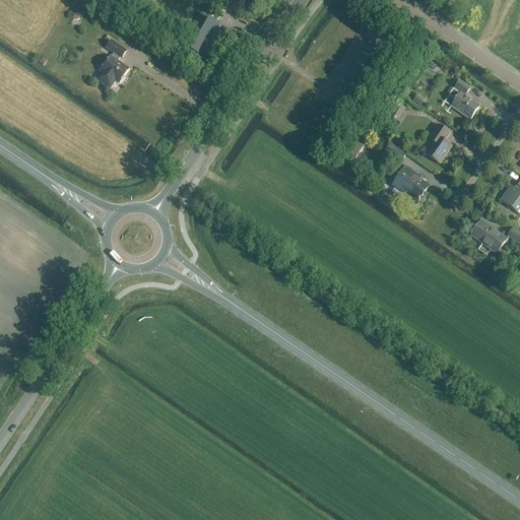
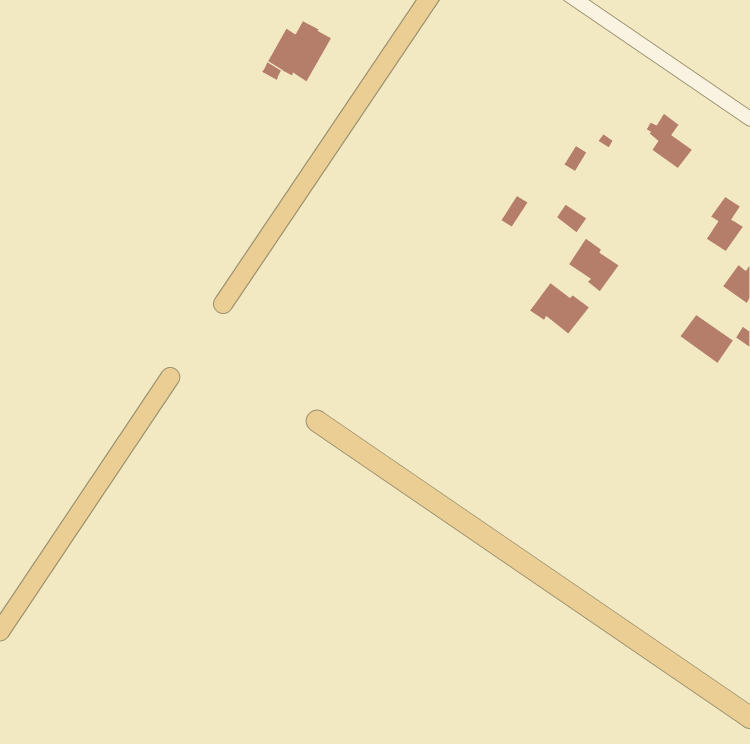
building: [98,38,129,85] -> none
building: [426,123,452,161] -> [706,196,744,252]
building: none -> [529,282,590,334]

